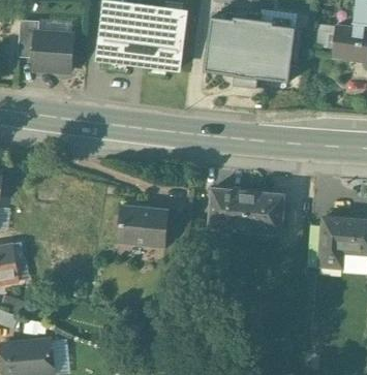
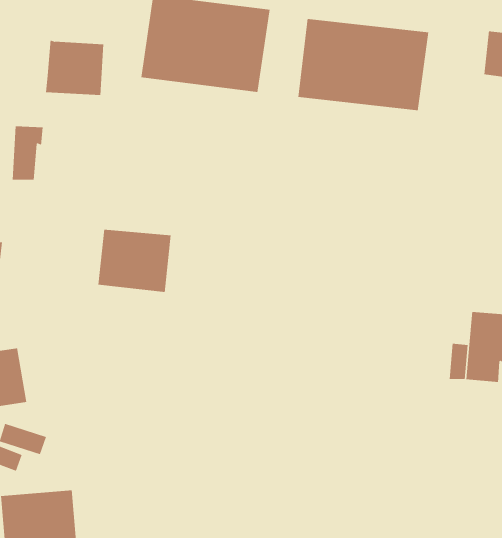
building: [19,20,40,57] -> [12,126,43,180]
building: [209,188,285,235] -> none
building: [119,205,170,248] -> [97,229,172,293]

